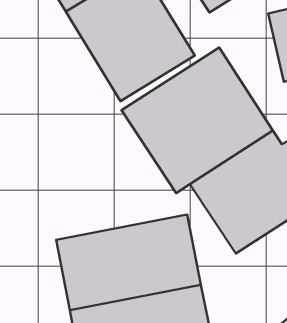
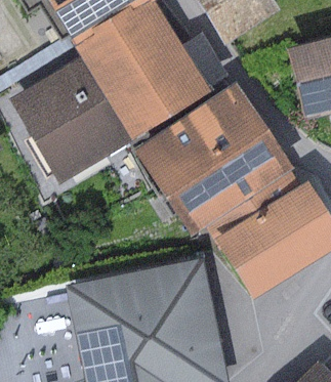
building: none -> [11,57,132,182]

